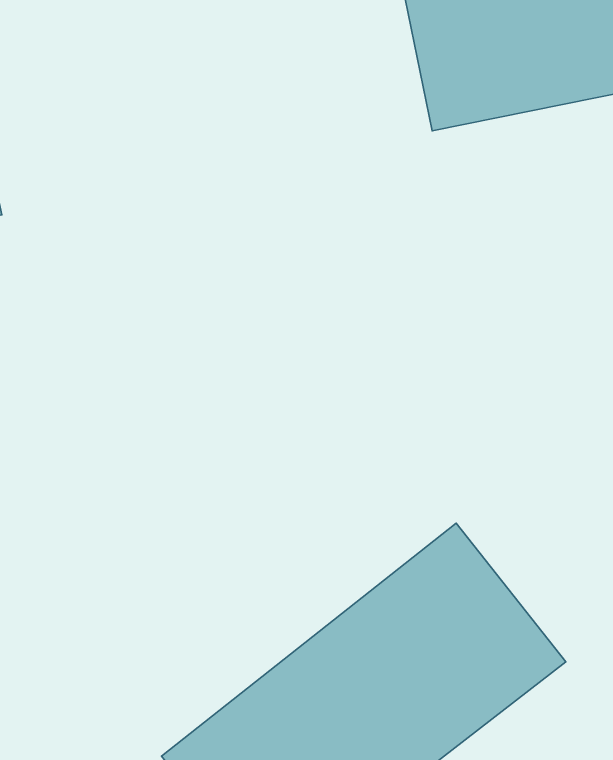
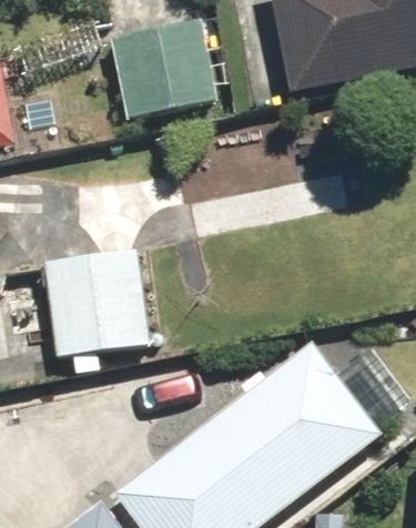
building: none -> [113,21,217,113]
building: none -> [45,248,152,356]

